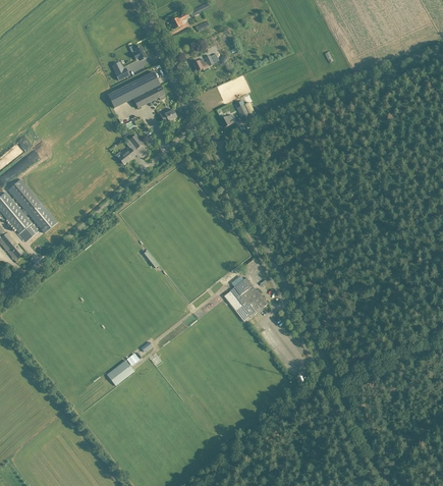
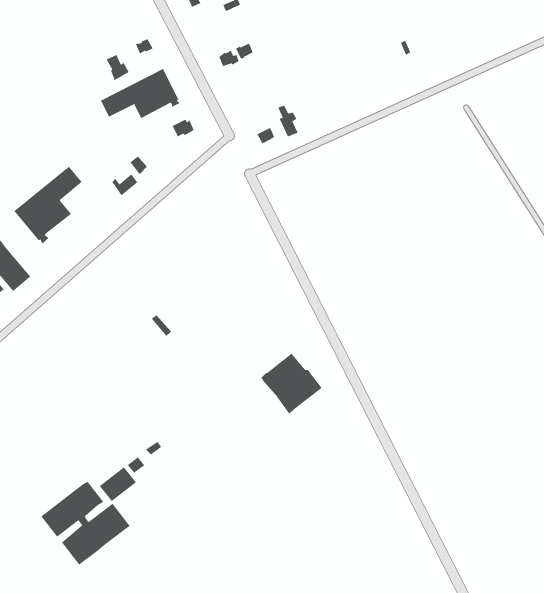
building: none -> [13,166,83,244]
building: none -> [41,481,131,566]

